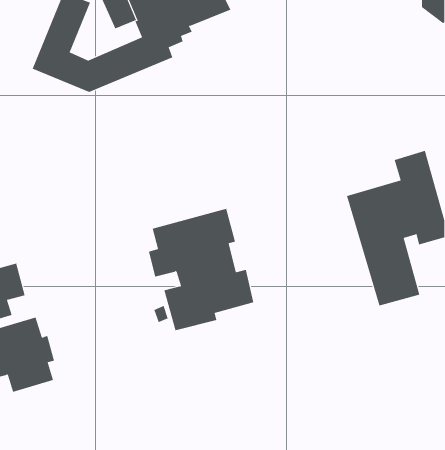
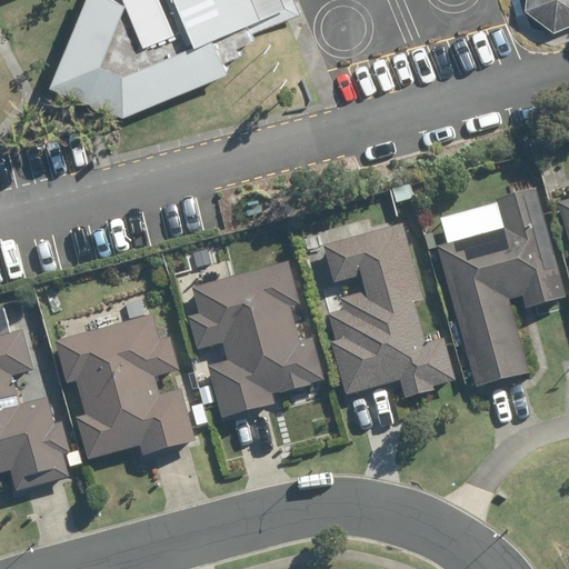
building: none -> [323,223,453,397]
building: none -> [54,312,198,459]

